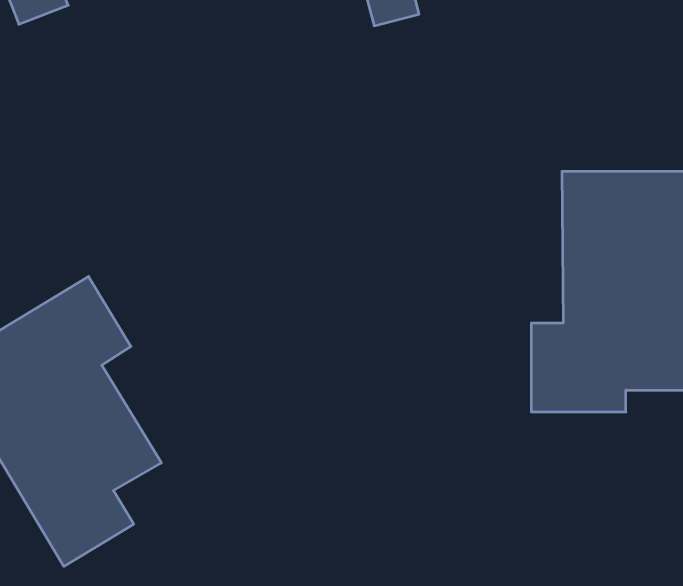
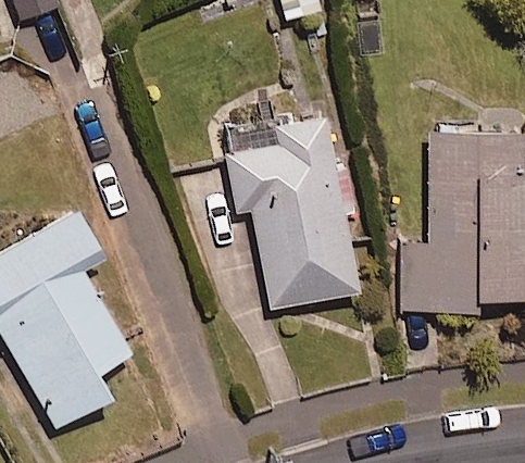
building: none -> [227,117,358,309]

